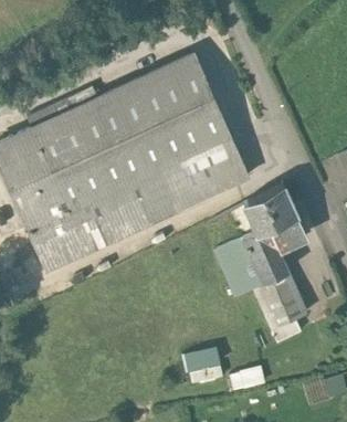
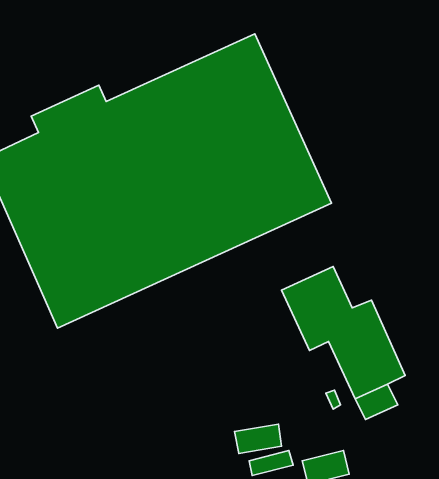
building: [242,183,309,257] -> none

